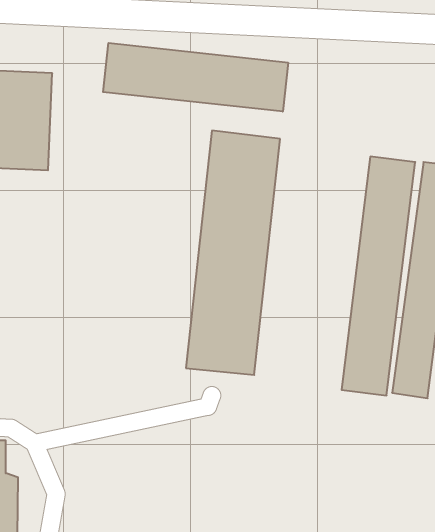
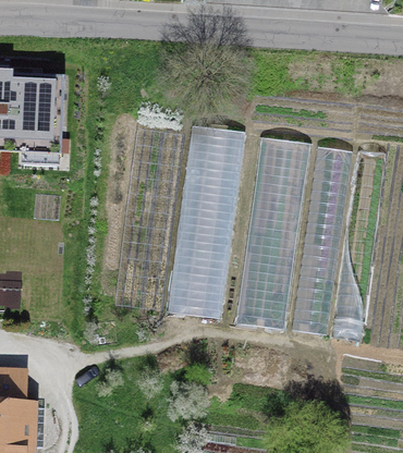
building: [103,43,288,112] -> none
building: none -> [240,136,309,329]

